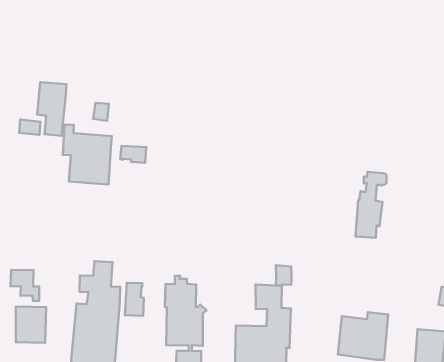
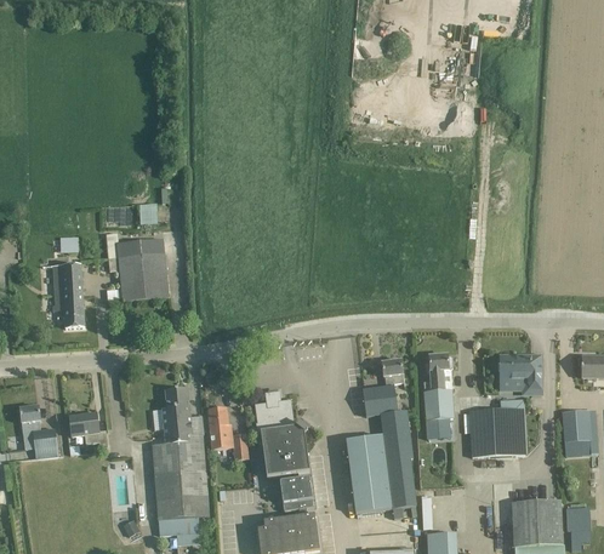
building: [37,82,67,136] -> [50,264,85,327]
building: [120,146,146,163] -> none
building: [355,172,387,238] -> [423,355,454,435]
building: none -> [501,355,541,390]
building: [16,306,46,343] -> none

